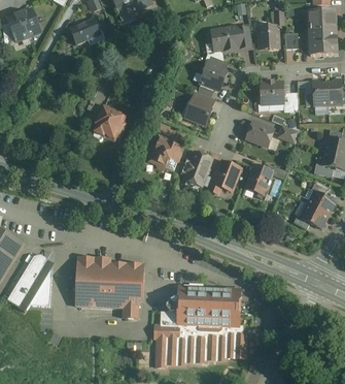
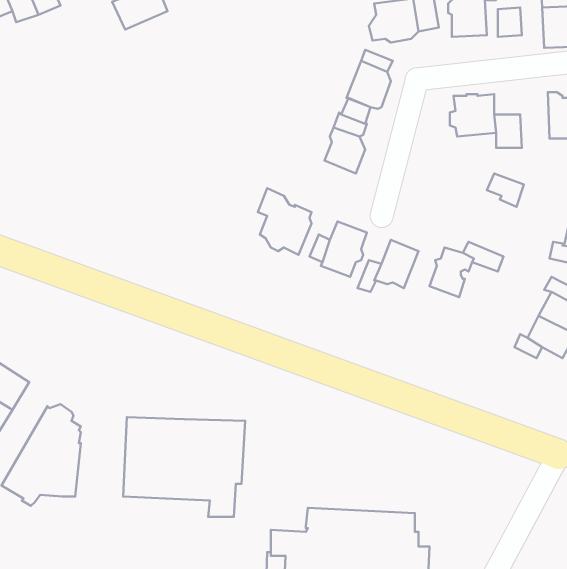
building: [92,106,127,140] -> none
building: [245,122,273,147] -> none
building: [166,286,240,324] -> none

